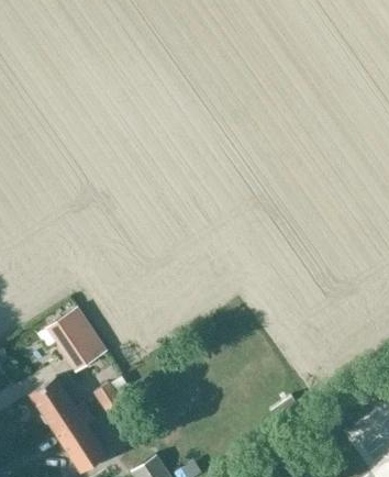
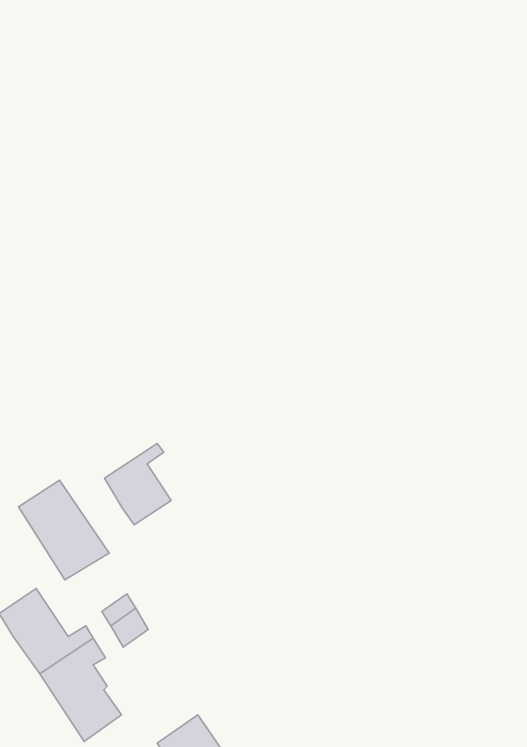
building: none -> [104,444,171,525]

